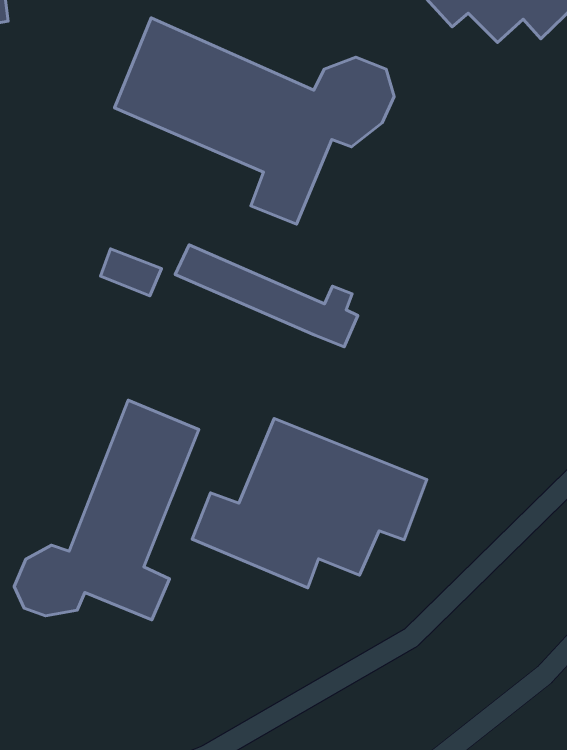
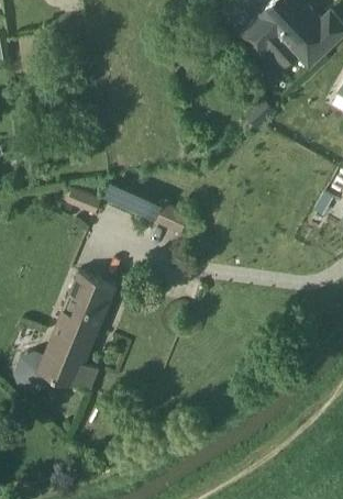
building: [114,18,394,224] -> none
building: [192,418,427,588] -> none

